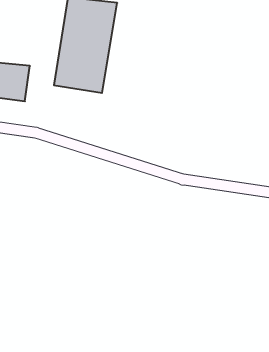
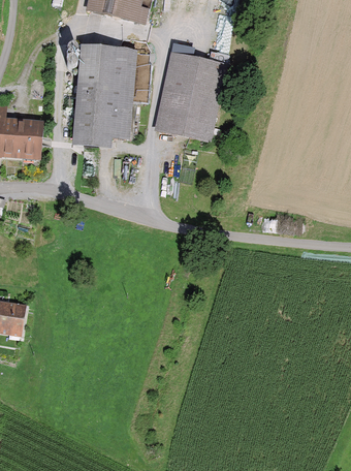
building: none -> [157,49,226,137]

